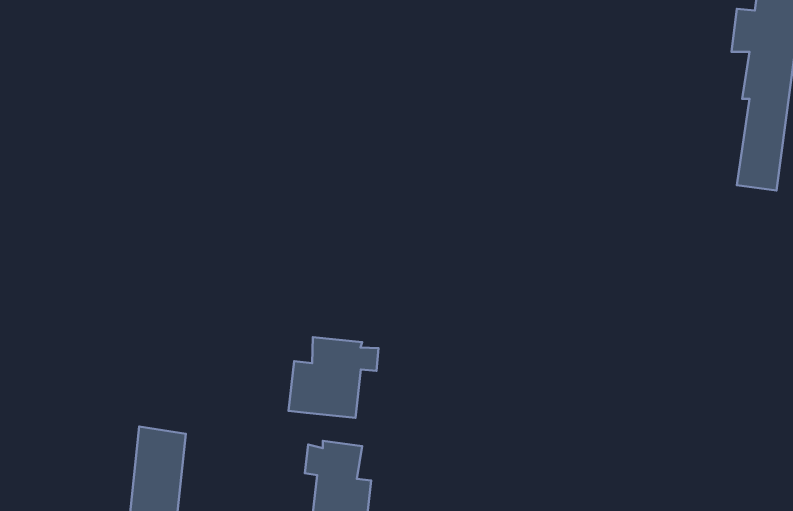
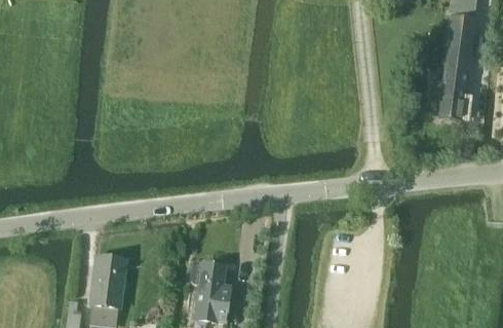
building: [289,337,379,418] -> none

